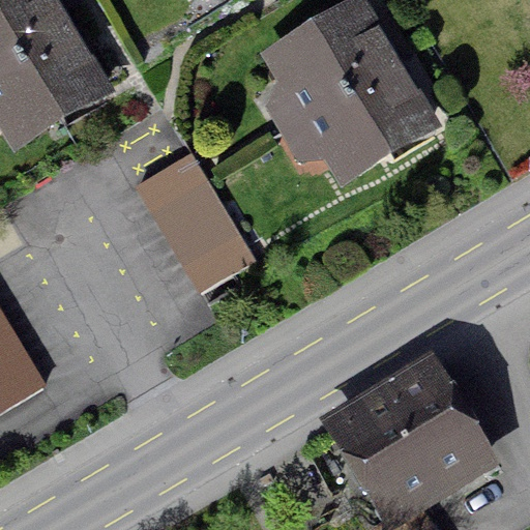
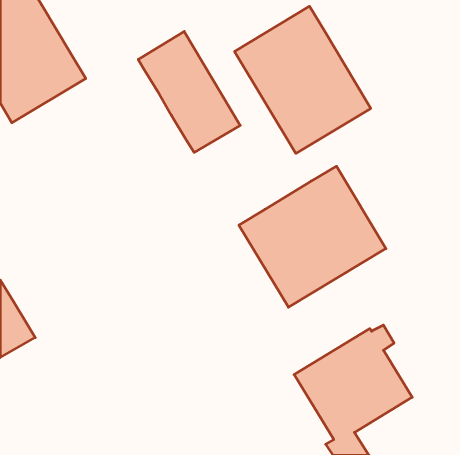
building: [136,153,253,292] -> [138,31,240,152]
building: none -> [239,166,386,307]

